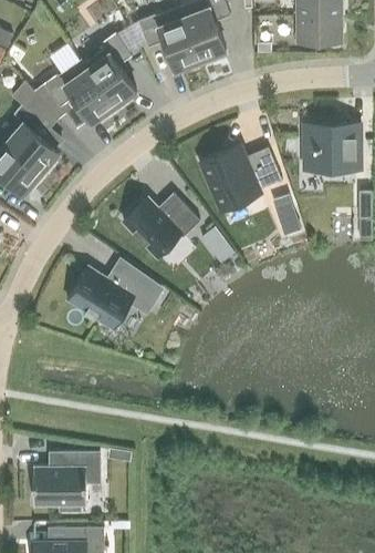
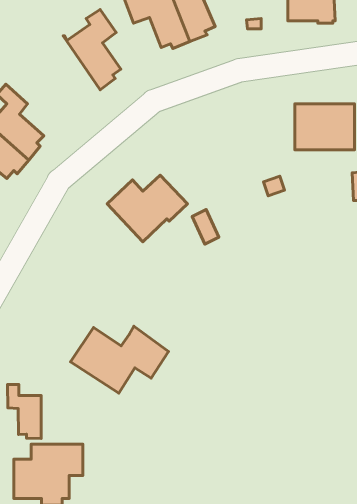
building: [42,59,115,123] -> none
building: [199,144,281,209] -> none
building: [65,265,159,329] -> [70,326,168,393]
building: none -> [8,384,41,439]

